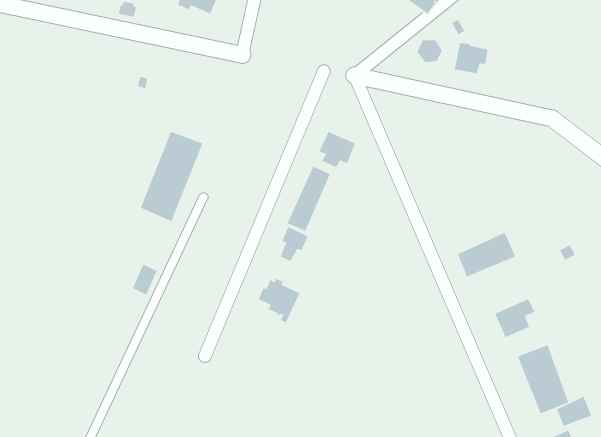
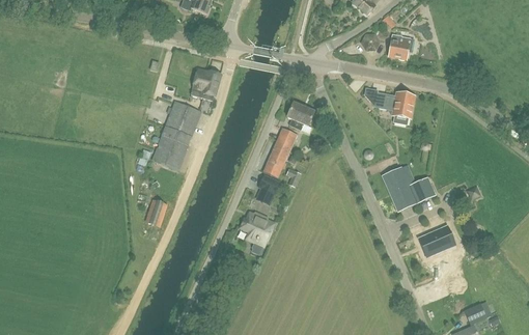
building: none -> [190,67,220,99]
building: none -> [364,87,415,123]
building: none -> [382,166,415,193]
building: [517,344,569,415] -> none

